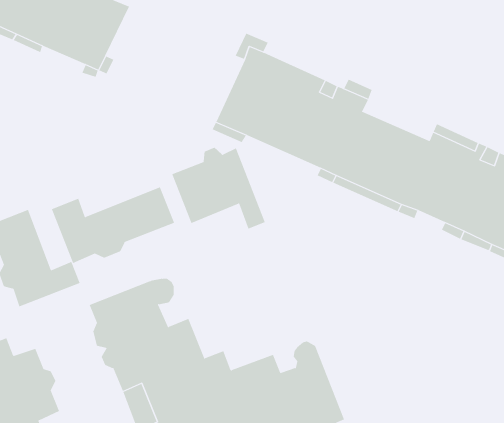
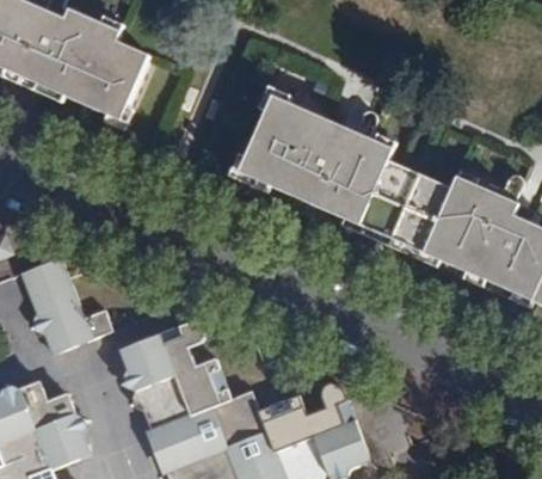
building: [171,147,265,229] -> none
building: [51,187,175,264] -> none

